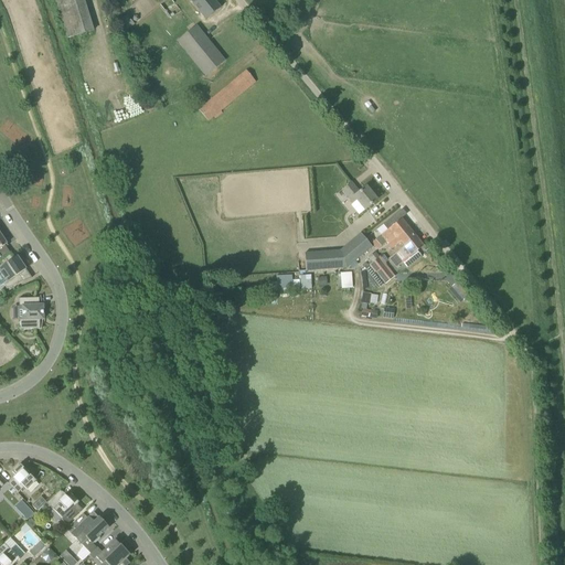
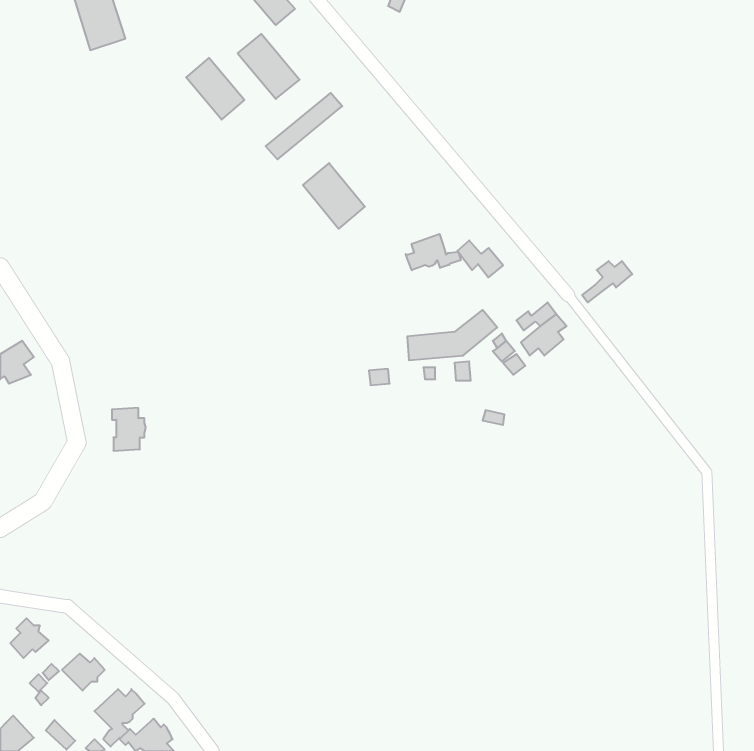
building: none -> [186,58,244,120]
building: none -> [303,163,365,229]
building: none -> [406,234,461,270]
building: [372,216,409,247] -> [582,261,632,302]
building: [19,296,44,328] -> [112,408,146,451]

